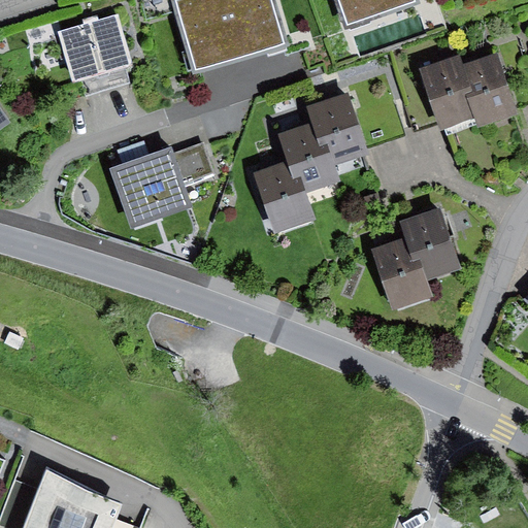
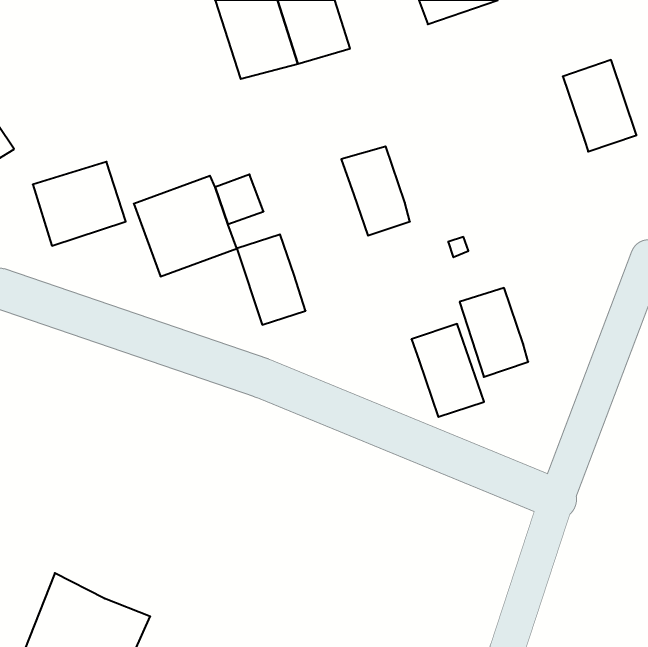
building: [57,14,132,82] -> [33,162,126,246]
building: [419,57,473,128] -> none
building: [305,91,368,167] -> none
building: [252,161,307,234] -> [237,234,306,325]
building: [402,206,461,282] -> [411,324,484,417]

